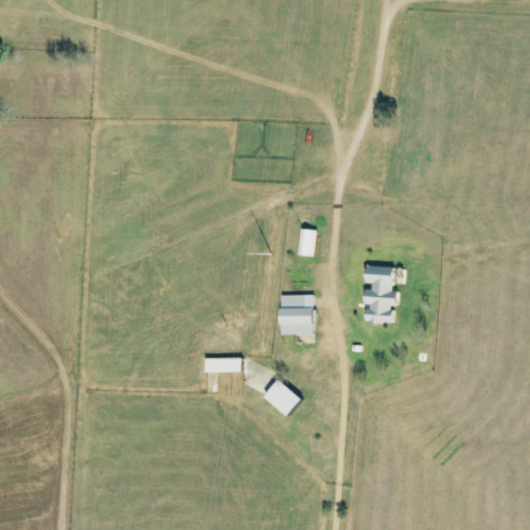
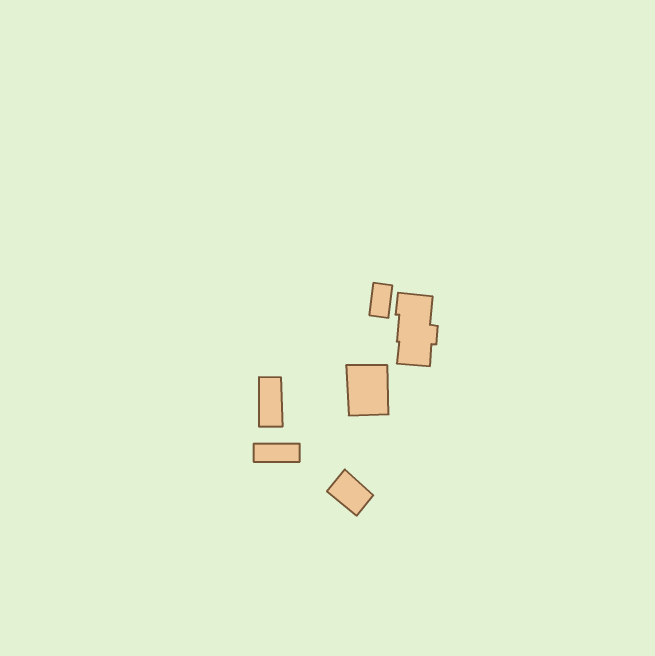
building: [363,264,398,323] -> [395,293,438,366]
building: none -> [259,377,282,427]

